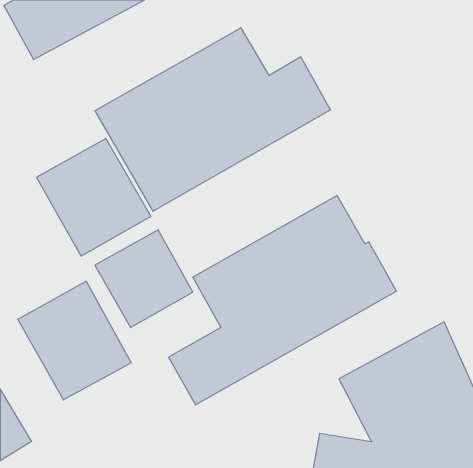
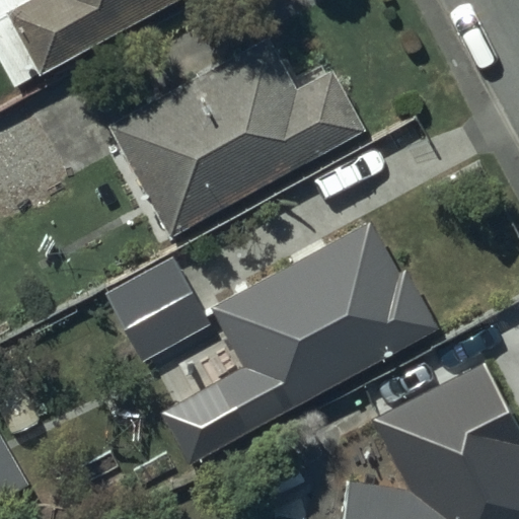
building: [37,138,151,256] -> none
building: [18,281,131,400] -> none

